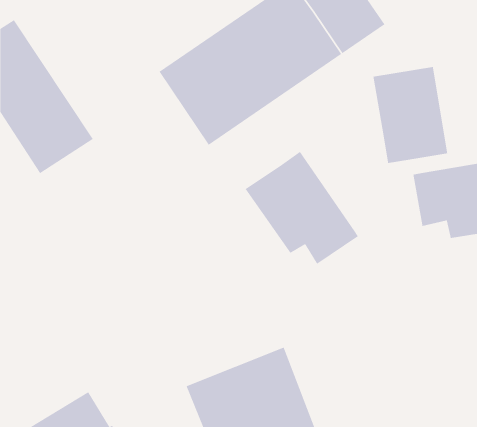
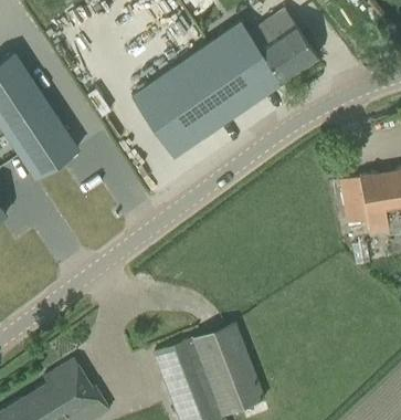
building: [373,66,448,164] -> none
building: [244,151,359,265] -> none

